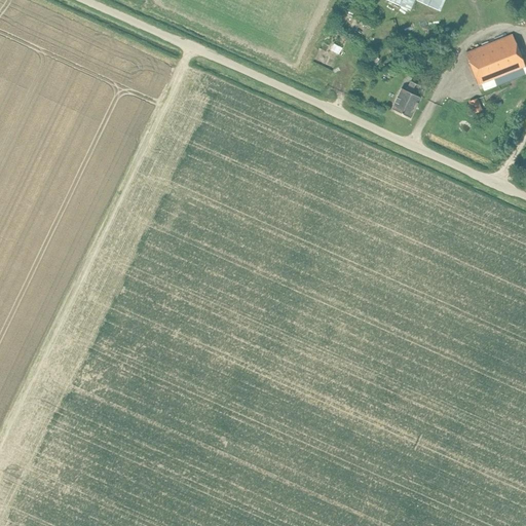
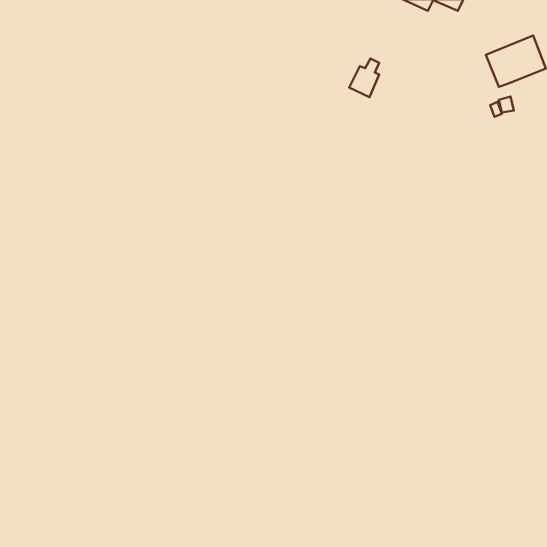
building: [391,80,420,117] -> [349,59,379,97]

